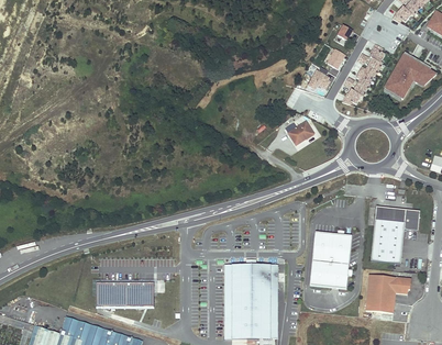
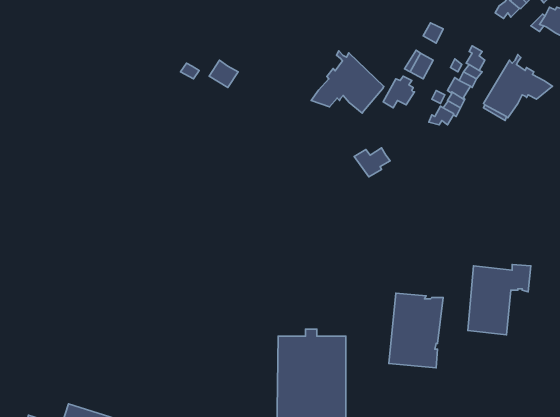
building: none -> [311,51,384,113]
building: [365,275,410,313] -> none
building: [96,282,153,308] -> none

